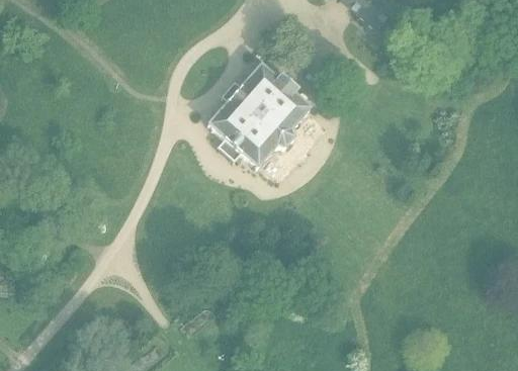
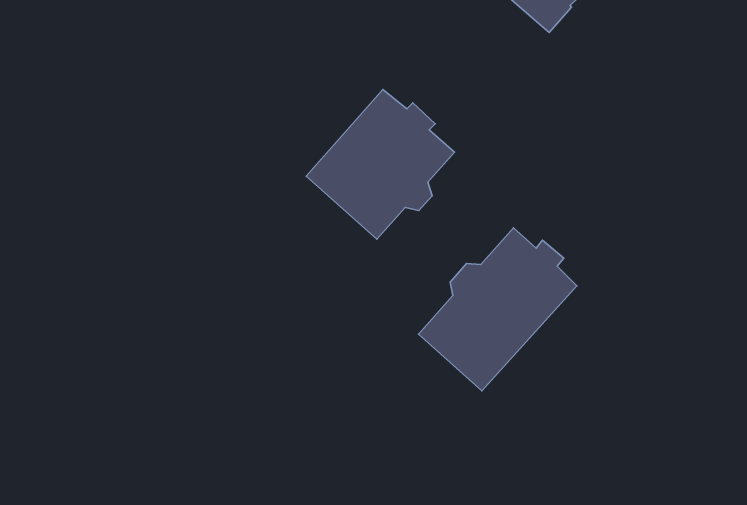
building: none -> [418,228,577,391]

